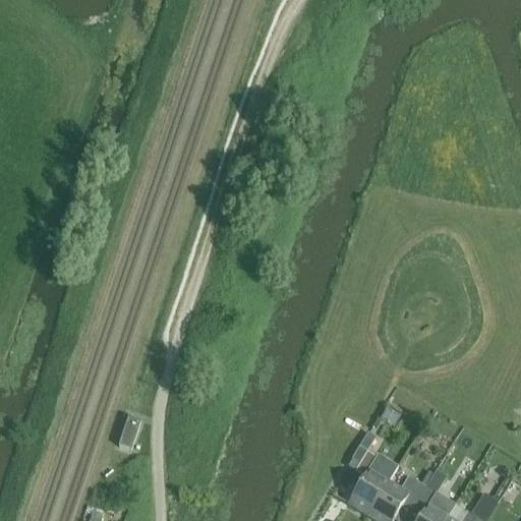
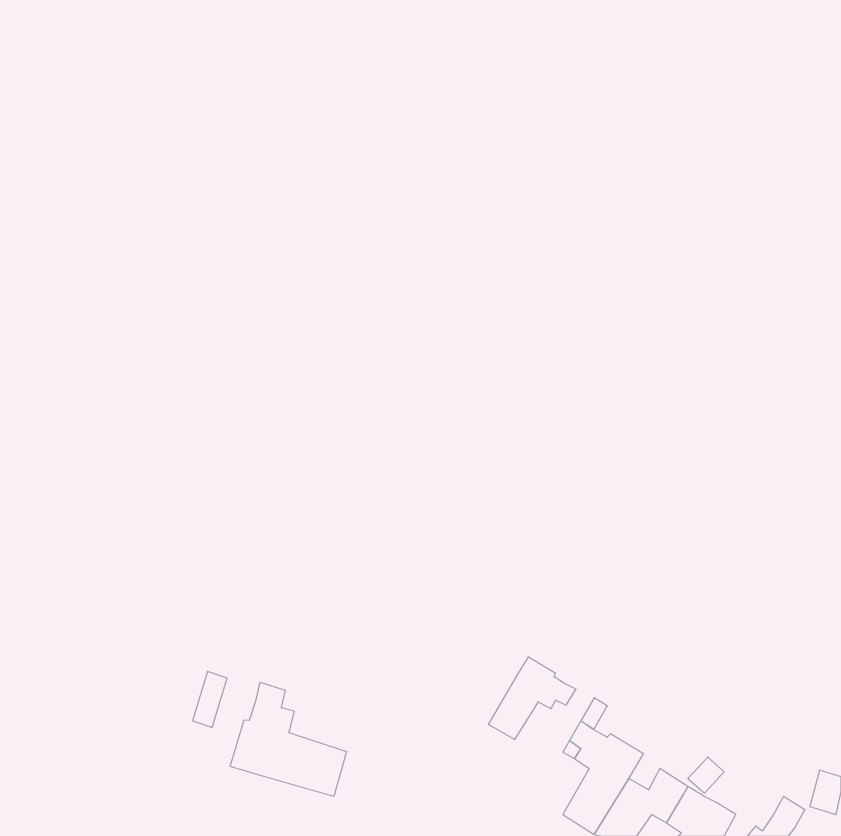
building: none -> [489,657,576,739]
building: none -> [230,682,346,796]

